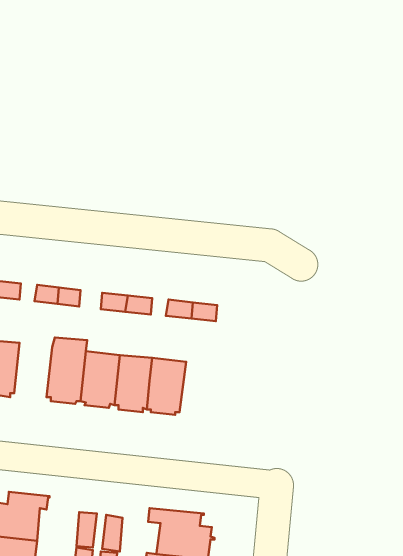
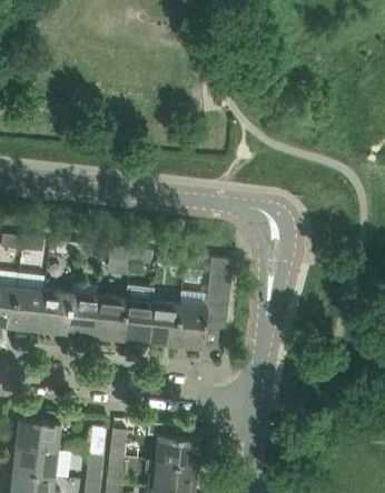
building: none -> [174,258,234,350]
building: none -> [38,288,69,334]

